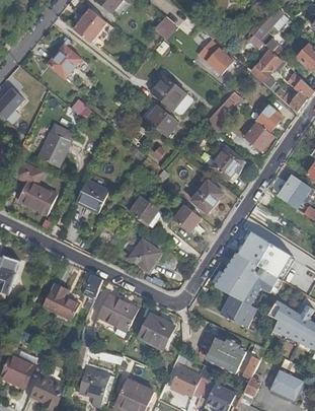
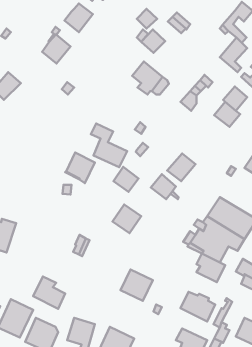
building: [206,48,233,74] -> [141,29,165,53]
building: [146,105,178,136] -> none
building: [38,127,70,165] -> none
building: [210,147,245,183] -> none
building: [15,162,57,212] -> [91,123,127,167]
building: [43,282,79,319] -> [33,277,65,309]
building: [97,293,138,331] -> none
building: [171,366,208,396] -> none

